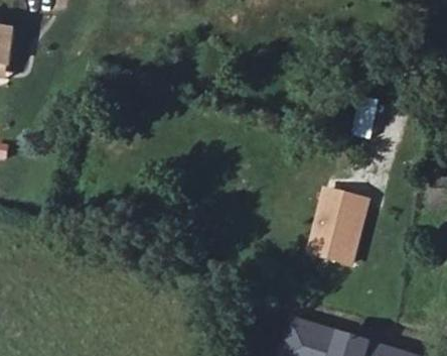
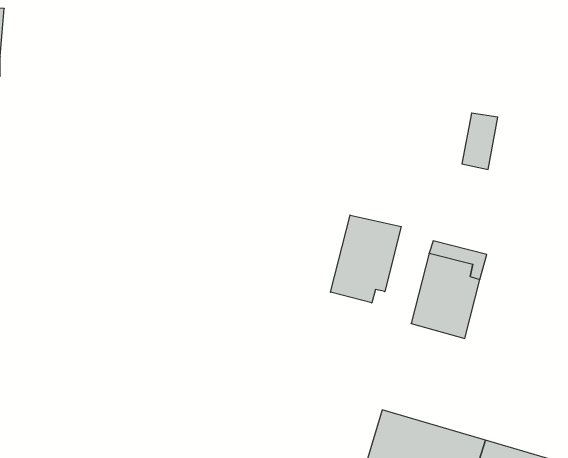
building: none -> [330,215,401,303]

